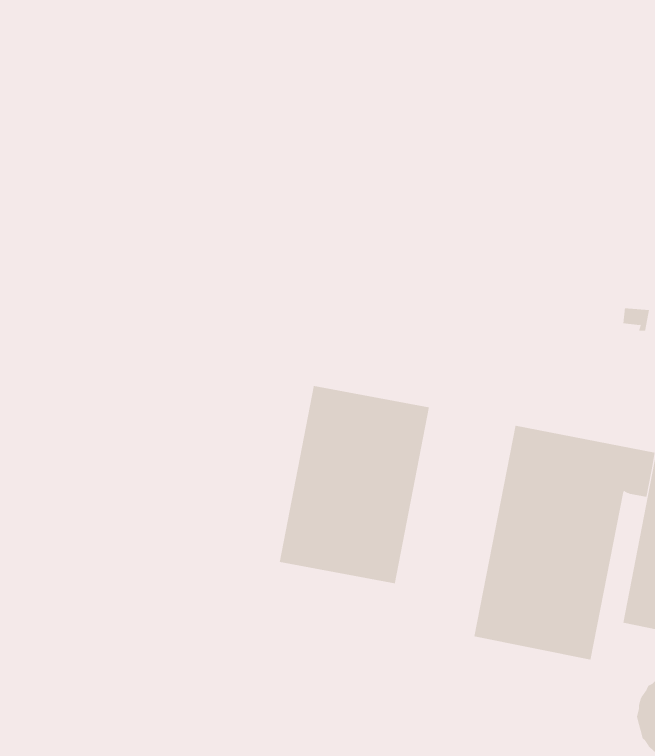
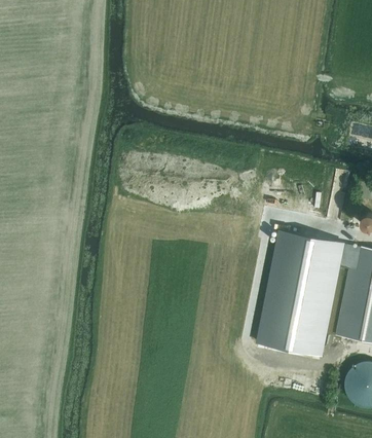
building: [279,385,430,584] -> none

